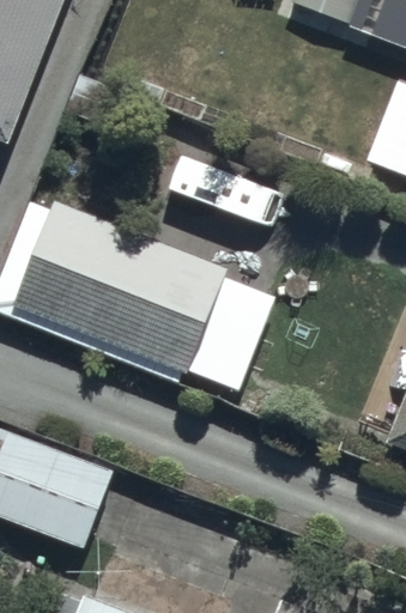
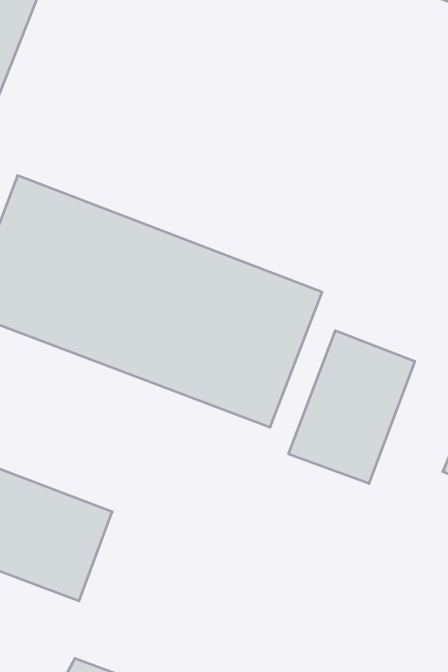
building: none -> [289,331,415,484]

